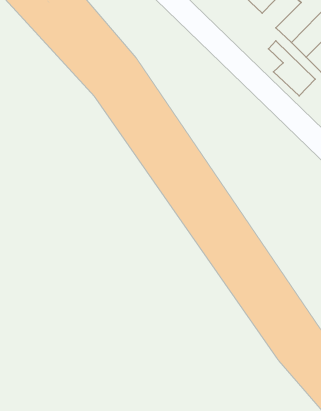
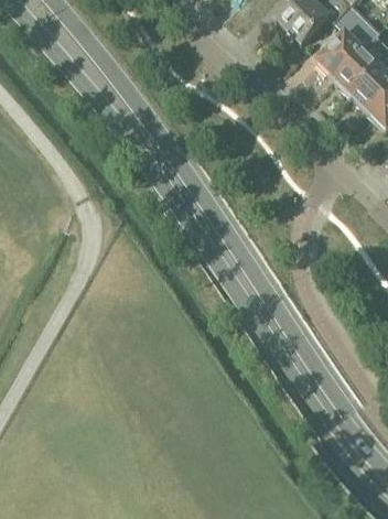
building: [268,41,315,96] -> none

